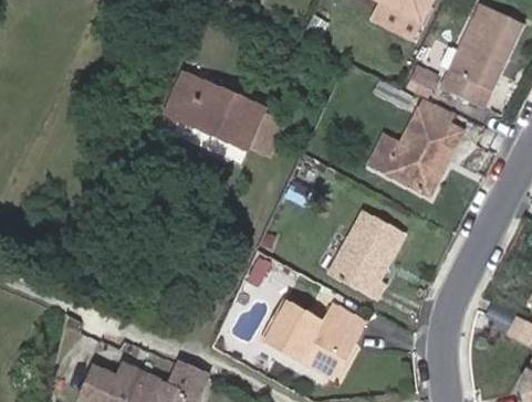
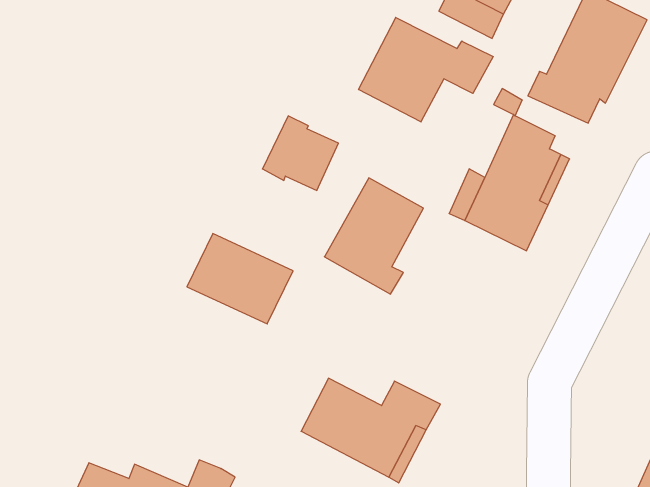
building: none -> [359,17,493,122]
building: [167,70,249,139] -> [187,234,293,324]
building: [328,209,405,298] -> [324,178,423,294]

